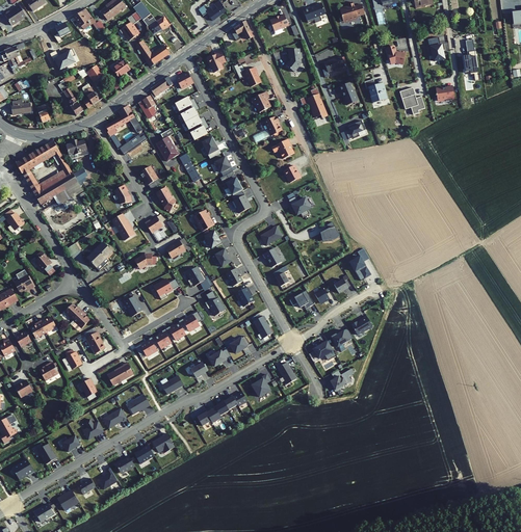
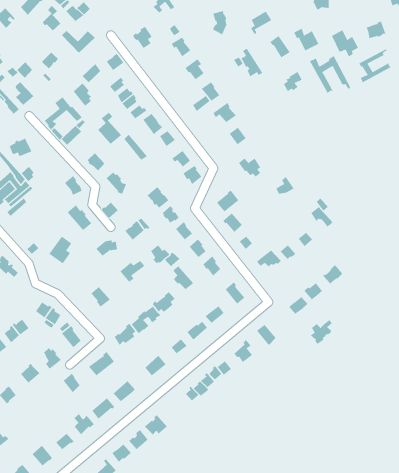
building: none -> [309,55,351,94]
building: none -> [358,48,391,83]

